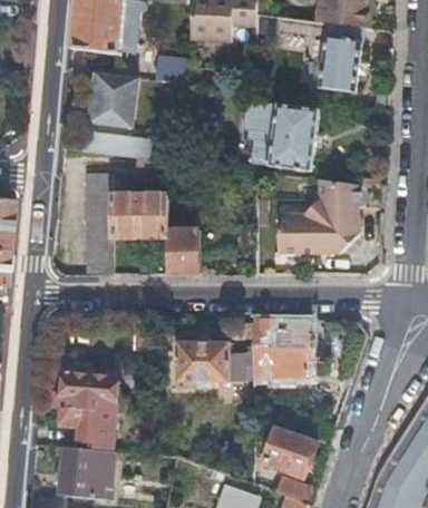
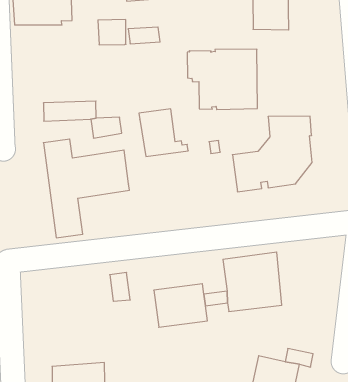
building: [88,74,136,128] -> none
building: [166,229,212,275] -> [139,109,188,156]
building: [50,360,127,412] -> none

